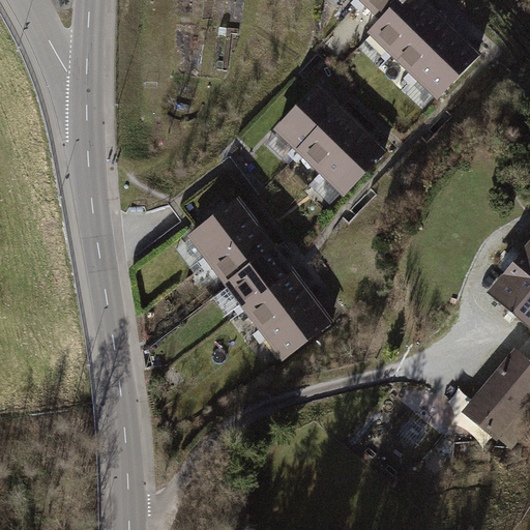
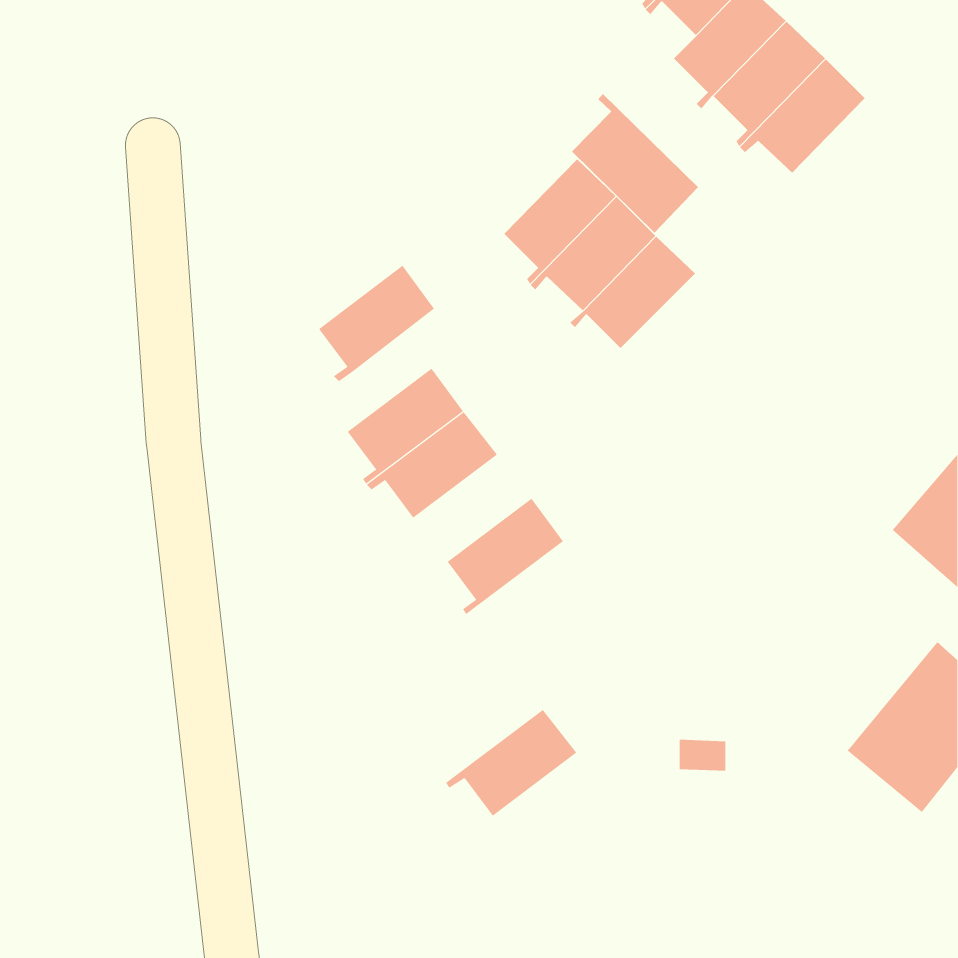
building: none -> [571,93,699,233]
building: [227,249,291,314] -> [318,265,435,382]
building: [256,297,328,356] -> [445,709,577,817]

